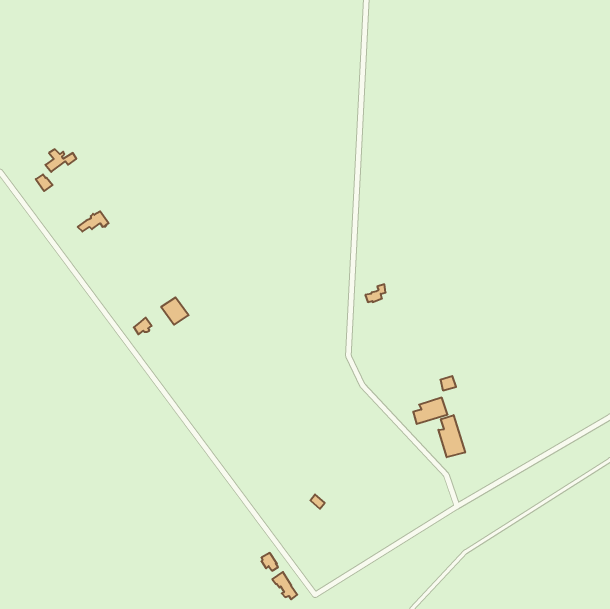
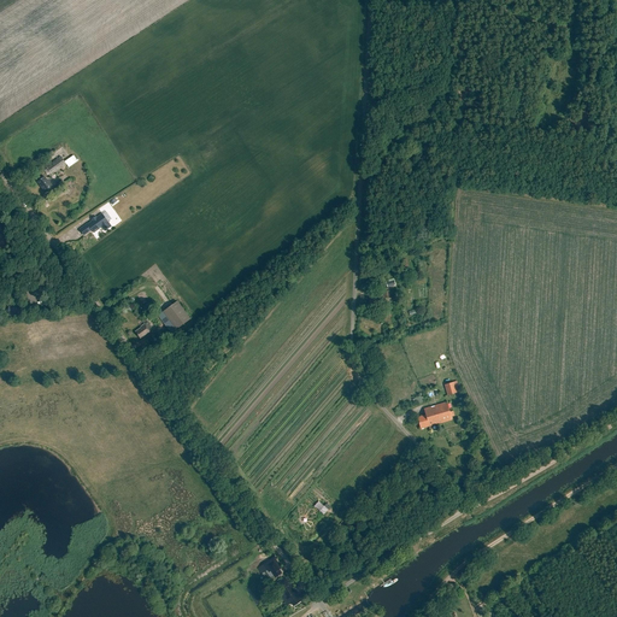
building: [438,415,465,457] -> none

